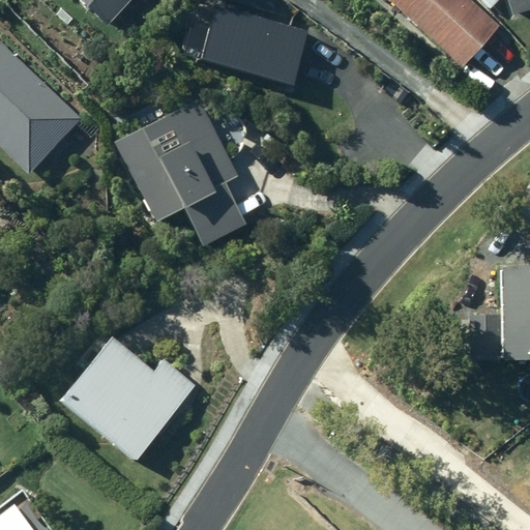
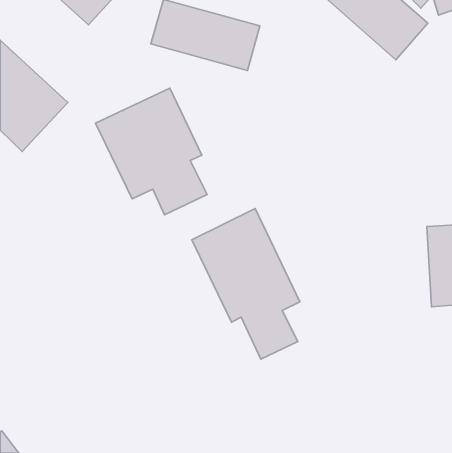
building: none -> [192,209,300,359]
building: [54,332,196,460] -> none

